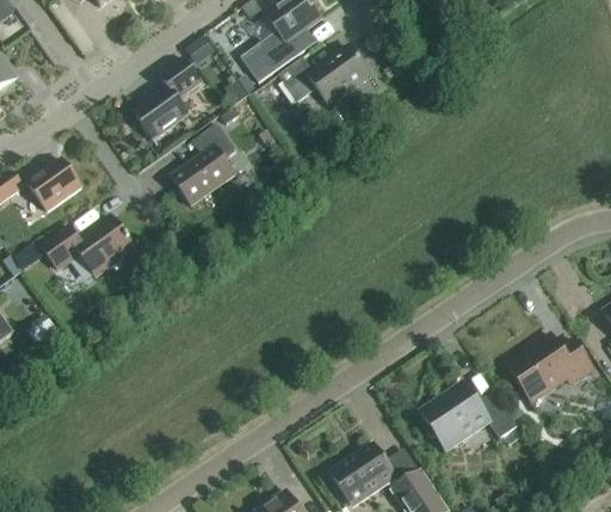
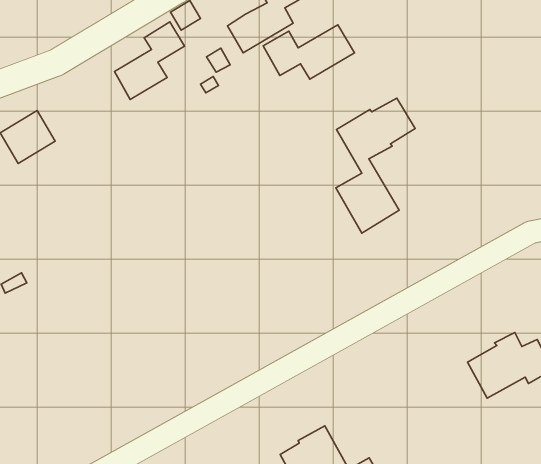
building: none -> [336,98,415,233]
building: [172,124,236,205] -> none
building: [42,216,135,276] -> none
building: [420,382,518,439] -> none

